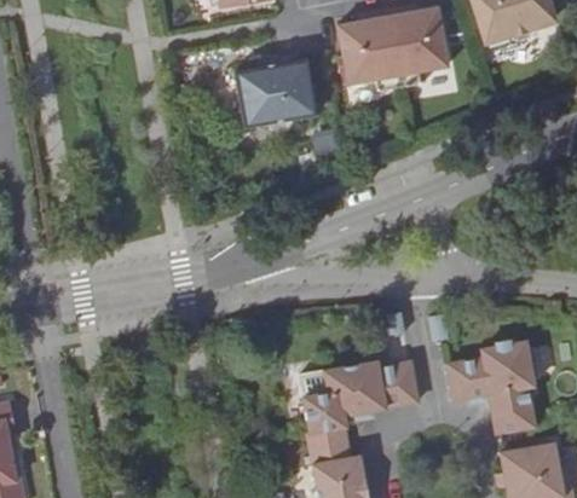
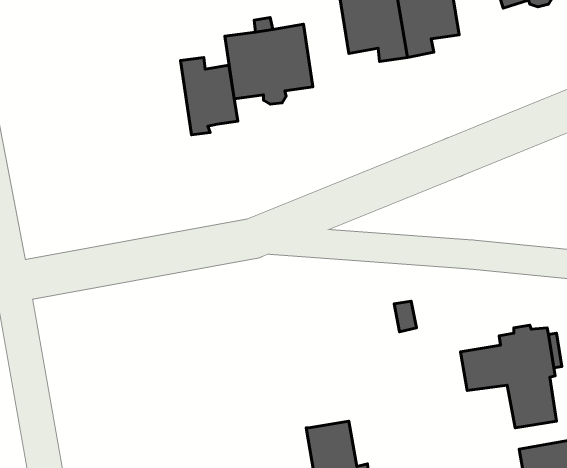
building: none -> [181,58,238,135]
building: [302,357,417,428] -> none

